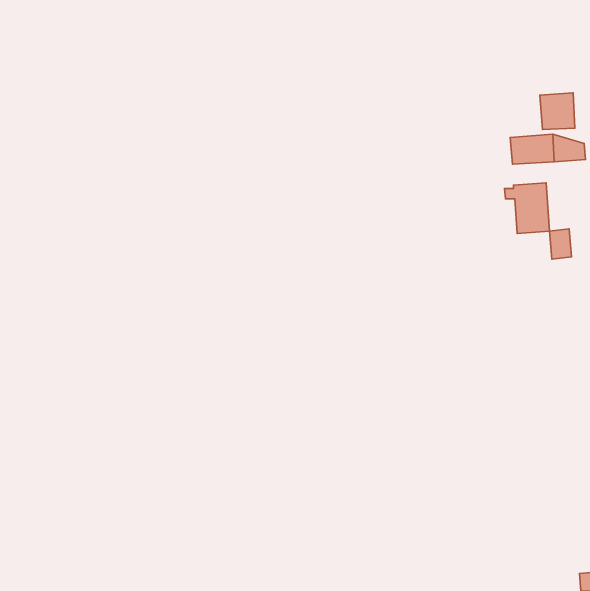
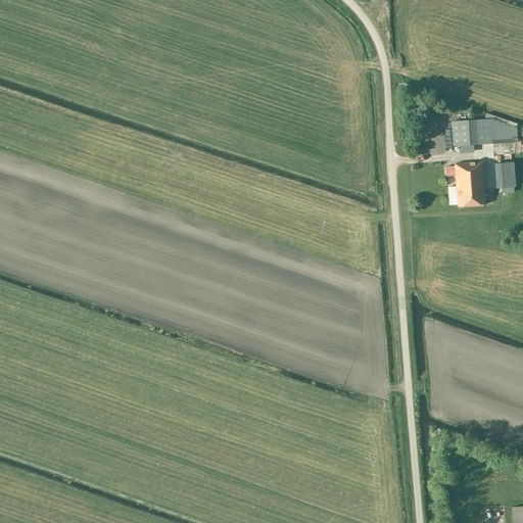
building: [540,93,575,129] -> none
building: [550,229,571,259] -> [495,161,515,188]

